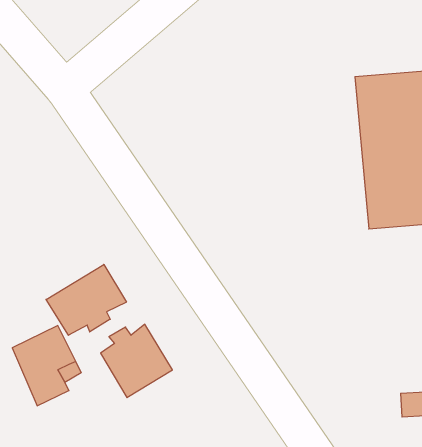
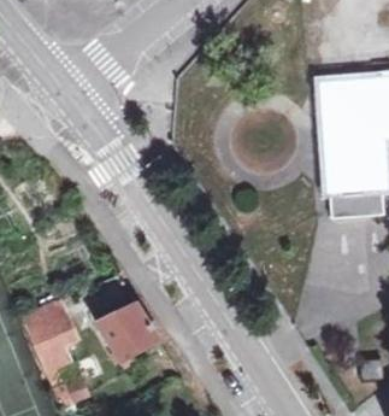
building: [46,264,126,335] -> none

